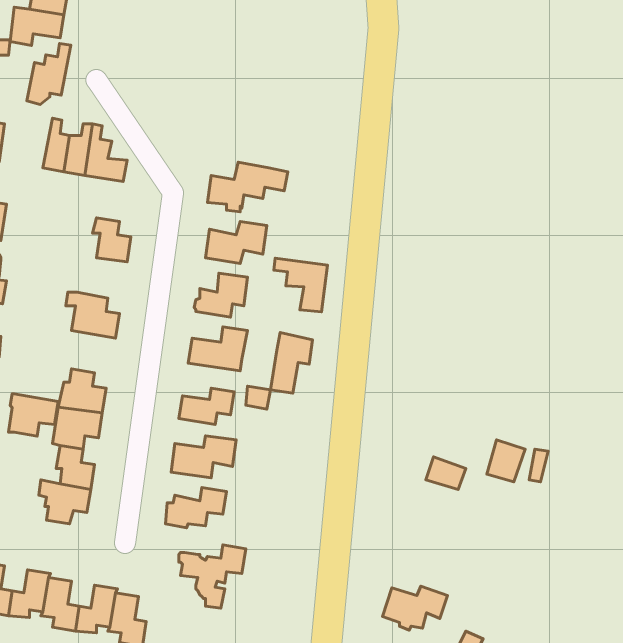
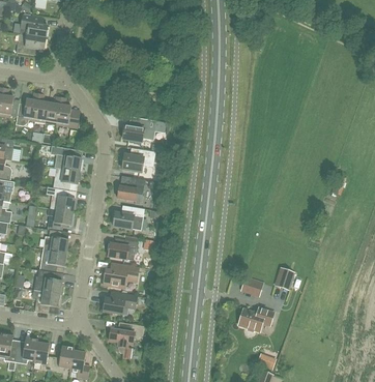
building: [27,43,71,105] -> [15,91,38,124]
building: none -> [52,167,79,189]
building: [274,258,328,312] -> none
building: [271,333,313,393] -> none
building: [8,394,58,436] -> [46,207,73,230]
building: [382,586,448,630] -> [237,306,272,330]

